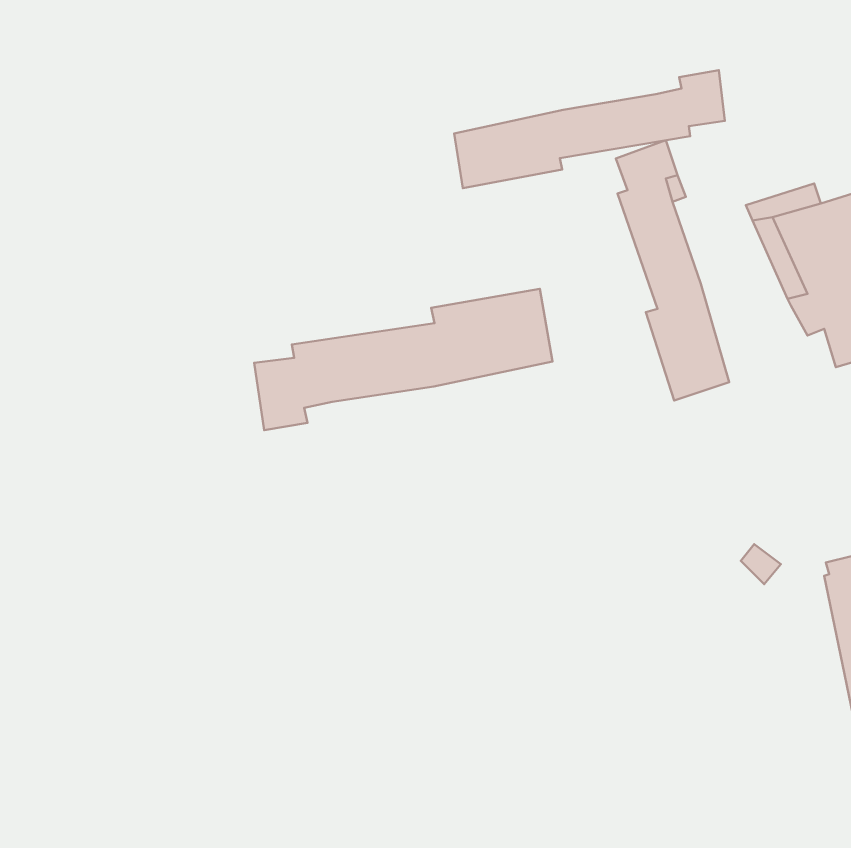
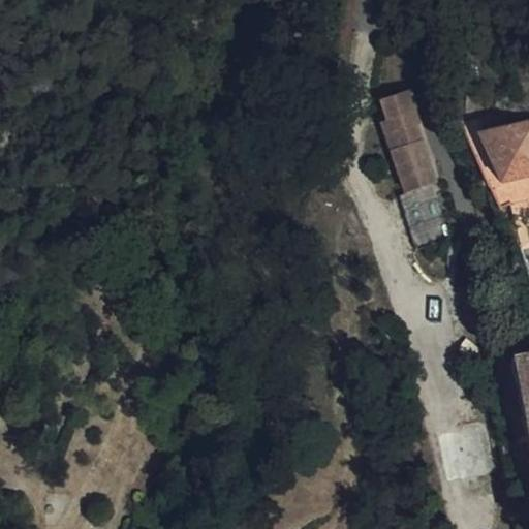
building: [454,70,725,188] -> none
building: [254,289,552,430] -> none

